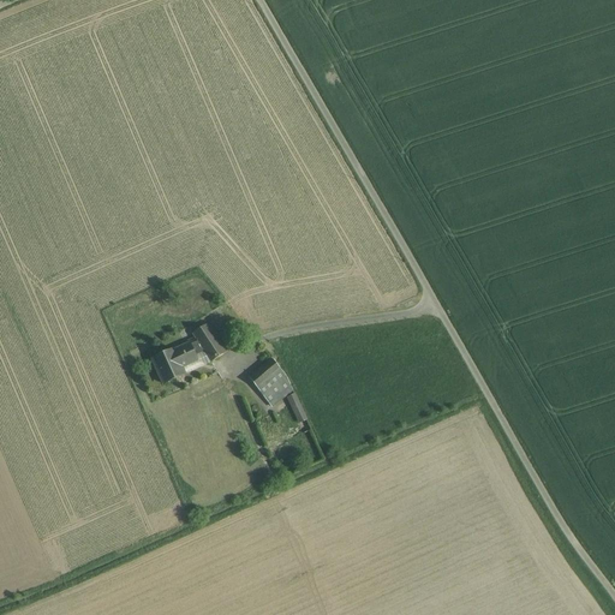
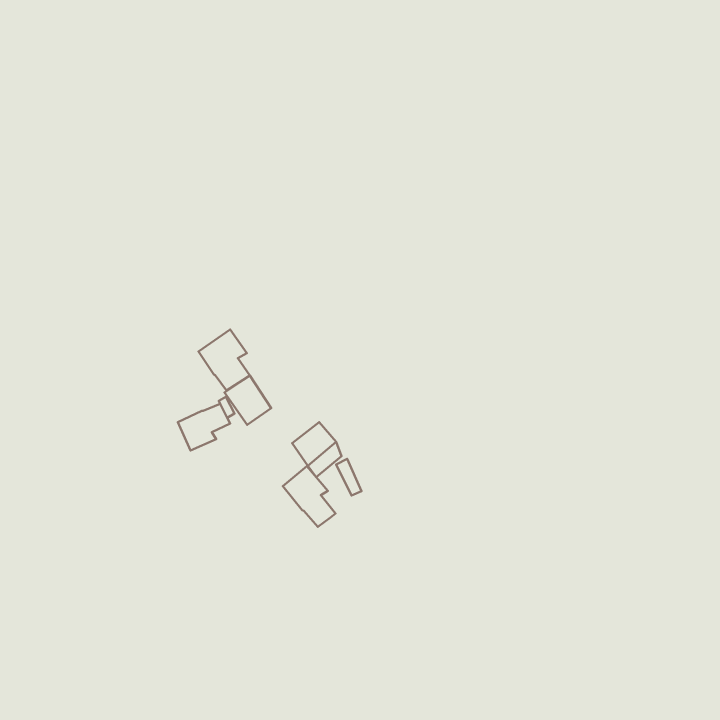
building: none -> [198,329,250,391]
building: none -> [283,466,336,527]

